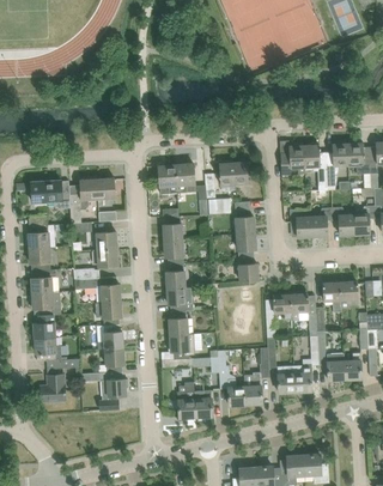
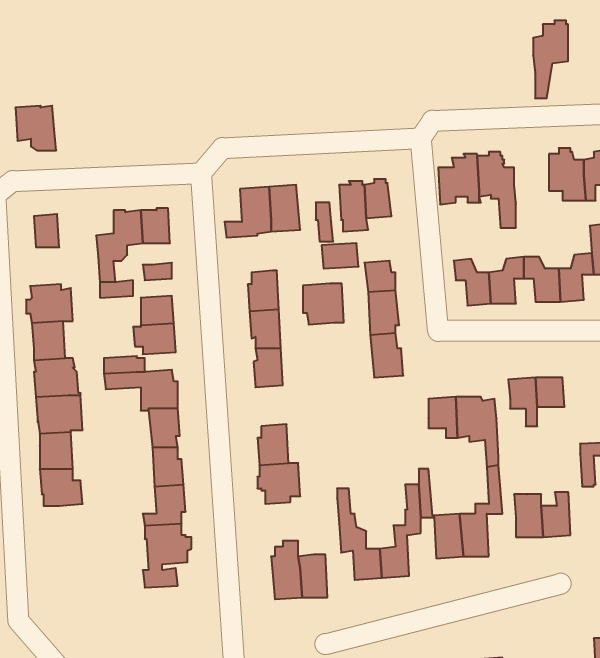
building: [326,141,347,189] -> [533,20,568,98]
building: [44,180,69,207] -> [15,106,56,150]
building: [166,286,192,311] -> [303,284,344,325]
building: [39,358,79,401] -> none

